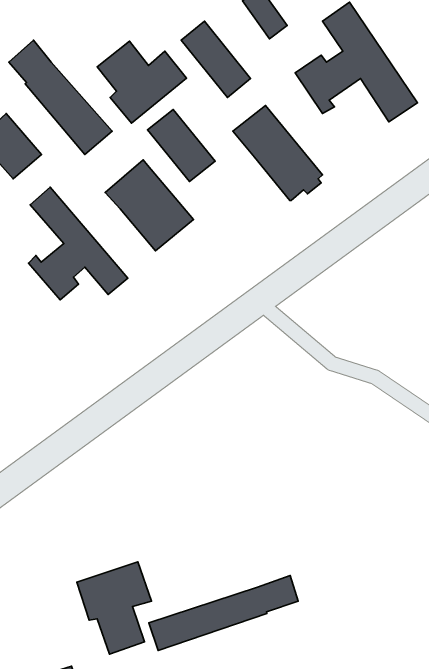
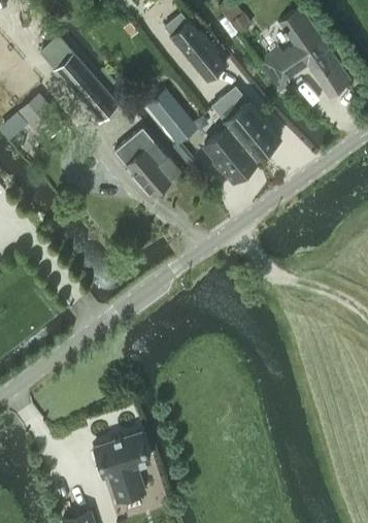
building: [97,41,186,123] -> none
building: none -> [204,127,258,183]
building: [29,187,128,300] -> none
building: [149,576,298,650] -> none

